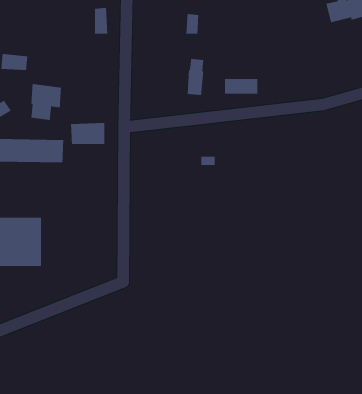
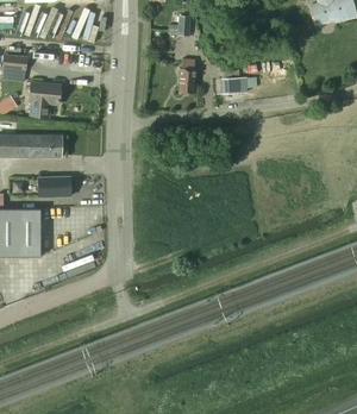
building: [70,122,105,145] -> [37,175,70,196]

